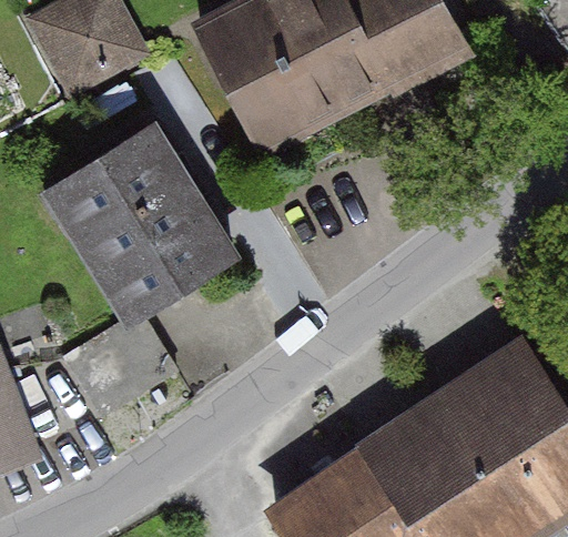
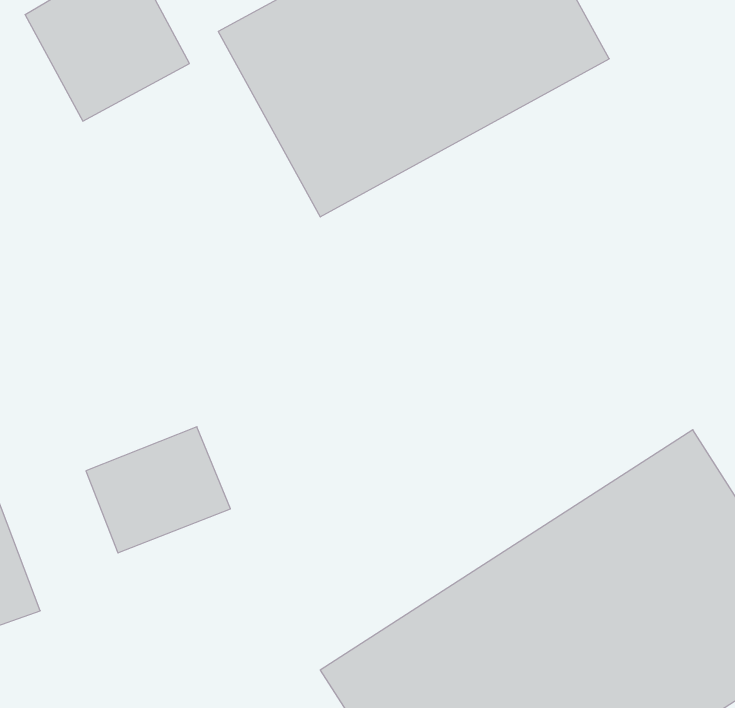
building: [41,120,239,324] -> none

